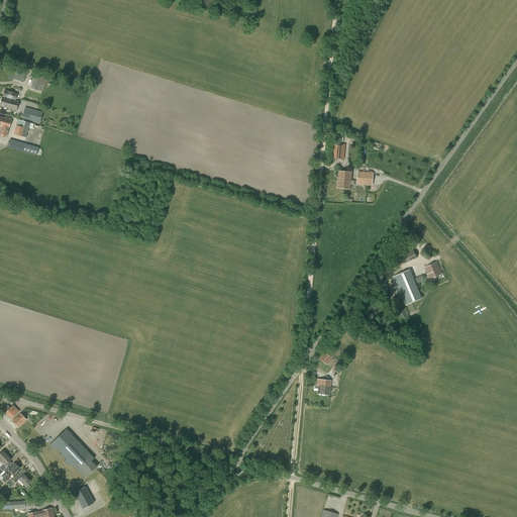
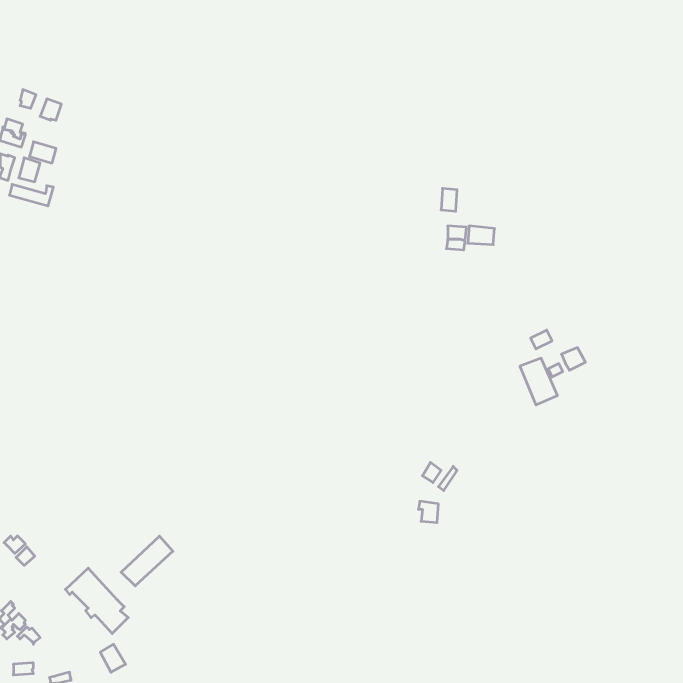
building: none -> [121,536,173,586]

